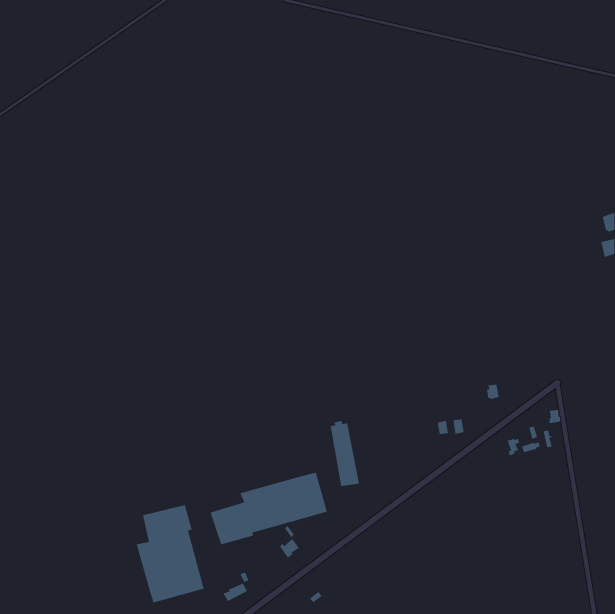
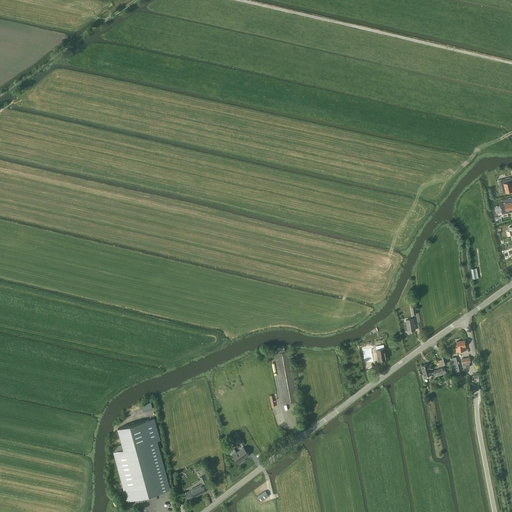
building: [210,472,327,545] -> none

